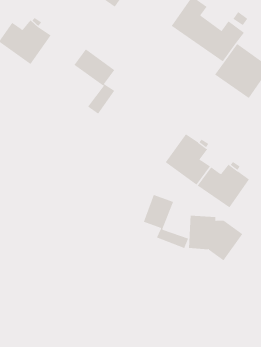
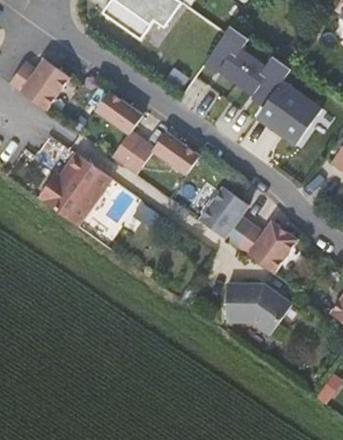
building: none -> [123,129,199,173]
building: none -> [33,148,108,222]
building: [143,194,189,249] -> none

